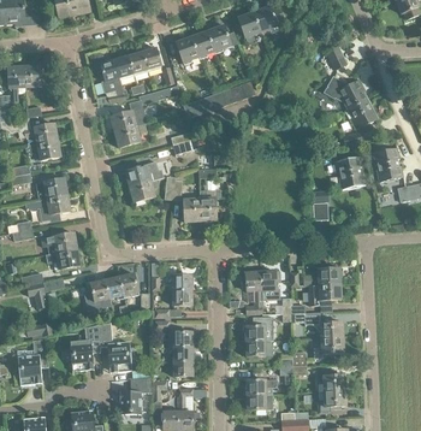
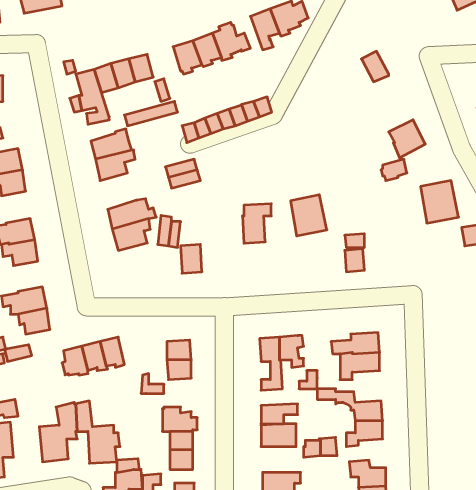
building: [322,76,366,110] -> none
building: [334,157,363,189] -> [291,195,327,236]
building: [197,189,220,220] -> [242,204,271,243]

